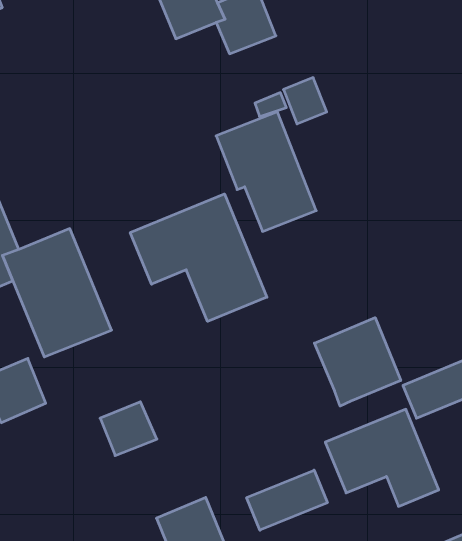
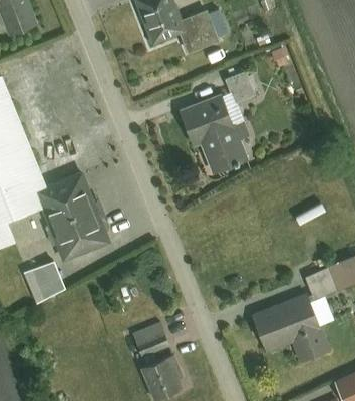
building: [130,194,267,321] -> none
building: [314,318,401,406] -> none
building: [100,402,157,456] -> [132,324,170,360]
building: [247,470,327,530] -> none

